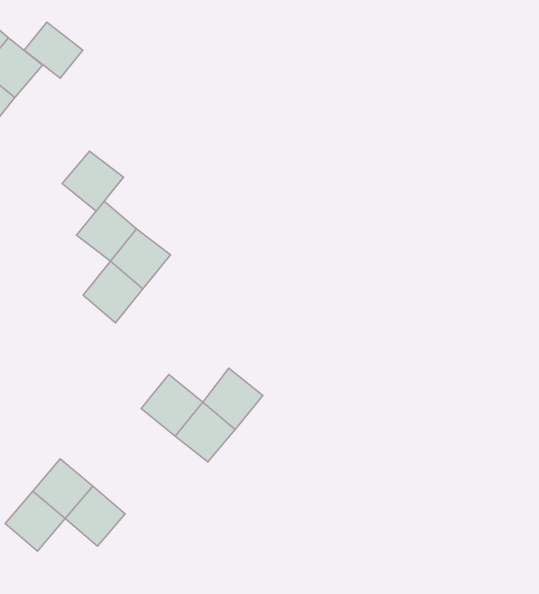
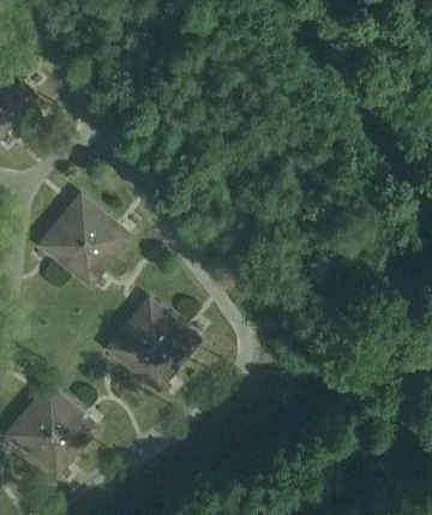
building: [24,22,83,78] -> none
building: [62,151,124,211] -> [38,220,84,264]
building: none -> [127,299,172,343]
building: none -> [30,430,74,474]

